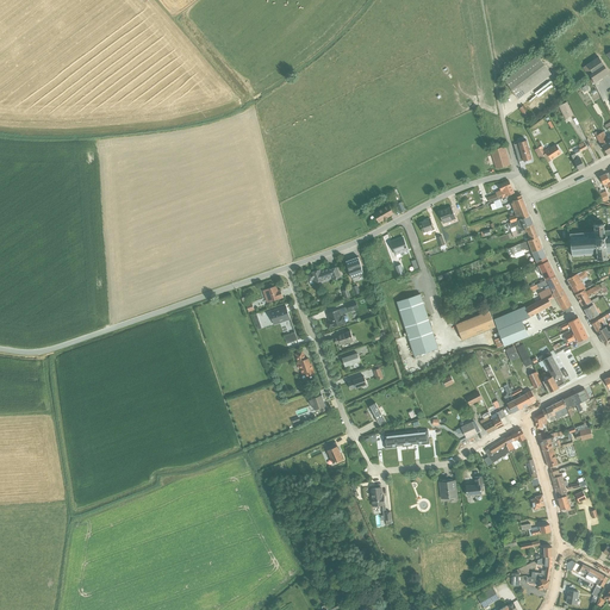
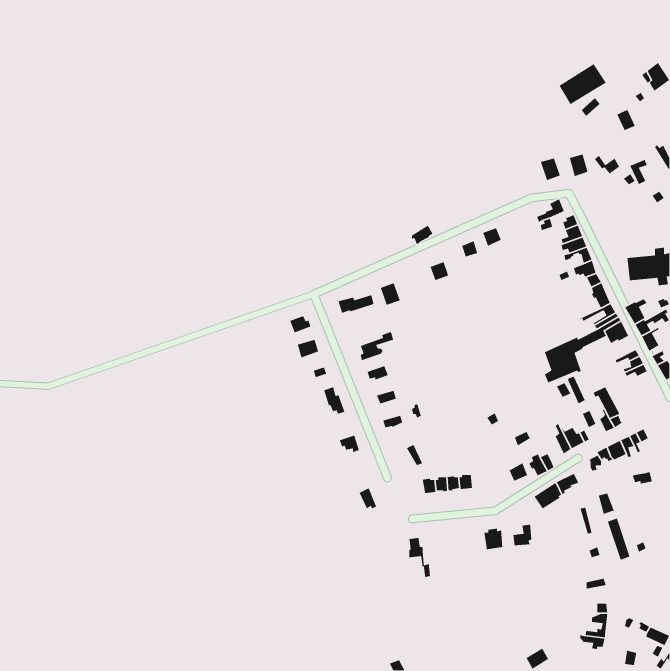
building: [396,293,437,356] -> none
building: [455,310,494,340] -> none

